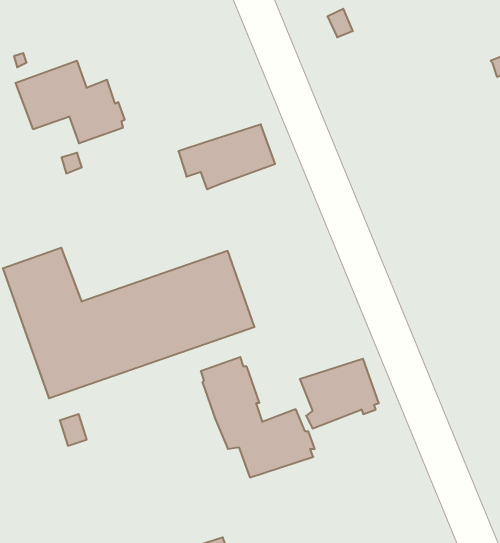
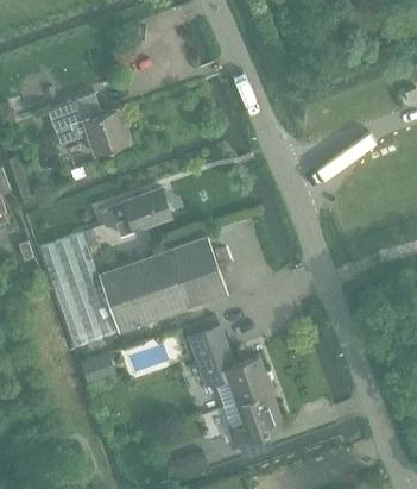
building: [178,124,275,189] -> [99,188,171,237]
building: [300,359,379,428] -> [223,390,283,443]

